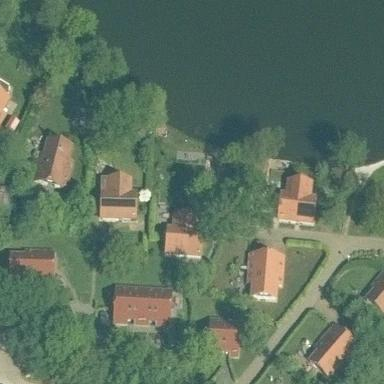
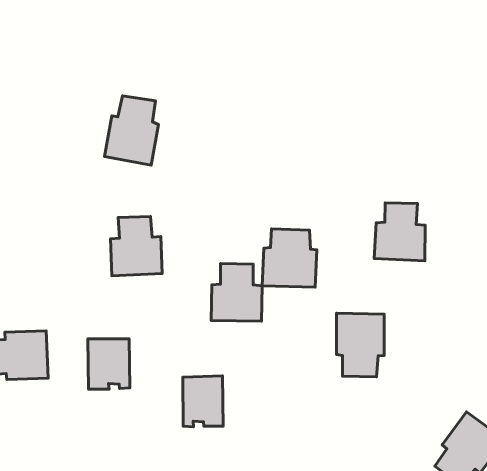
building: [34,137,72,185] -> [105,96,158,165]
building: none -> [262,229,317,287]
building: [114,284,144,319] -> [88,339,130,389]
building: [209,316,239,351] -> none

